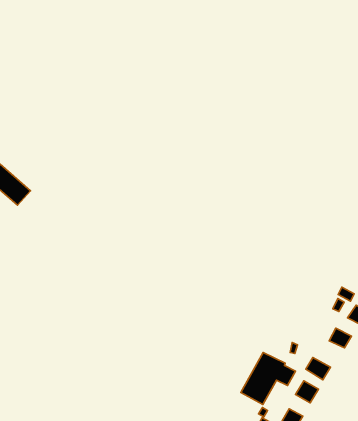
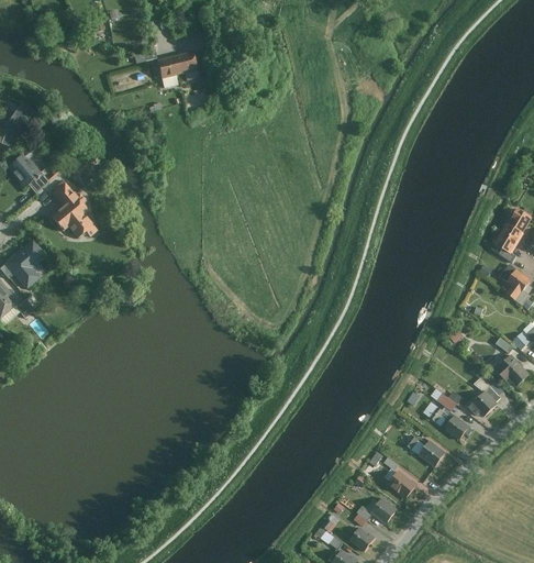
building: none -> [156,51,210,86]
building: [241,352,295,404] -> none

